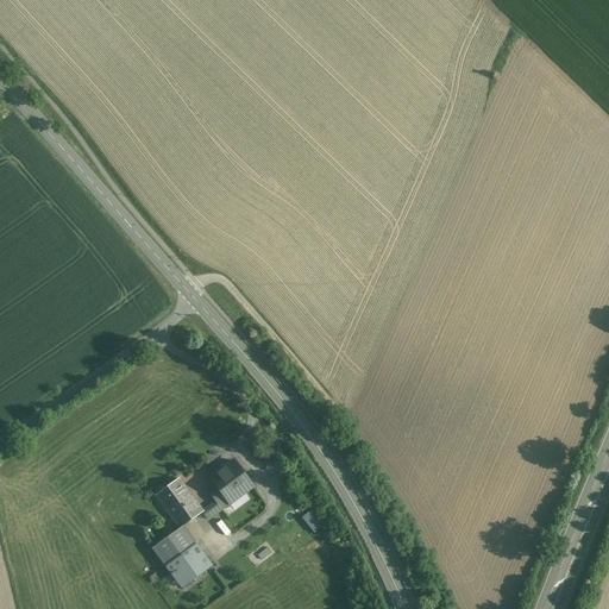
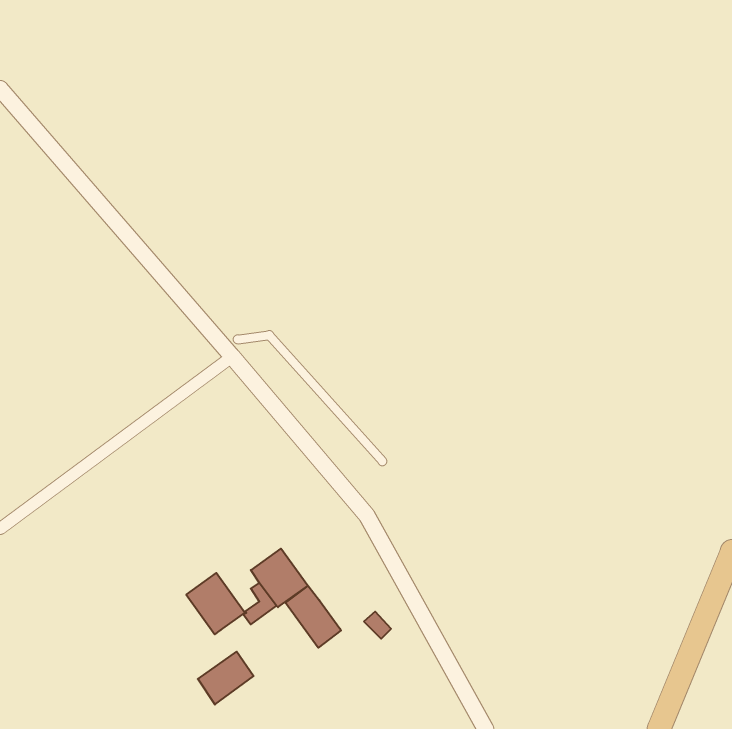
building: none -> [285,586,341,648]
building: [151,523,196,564] -> none

